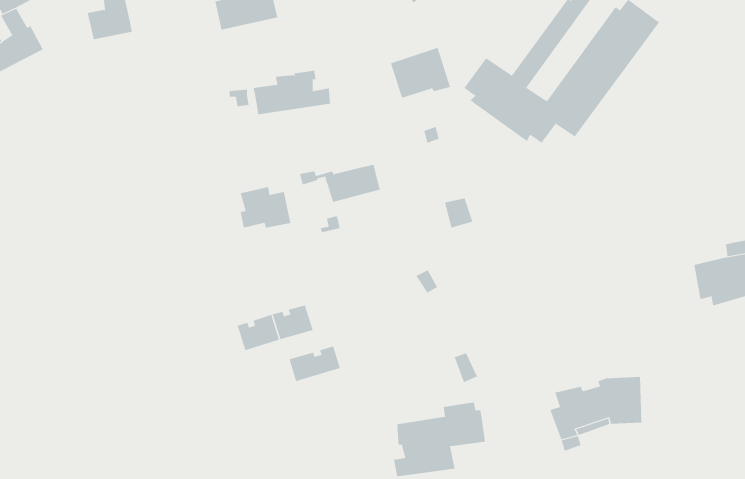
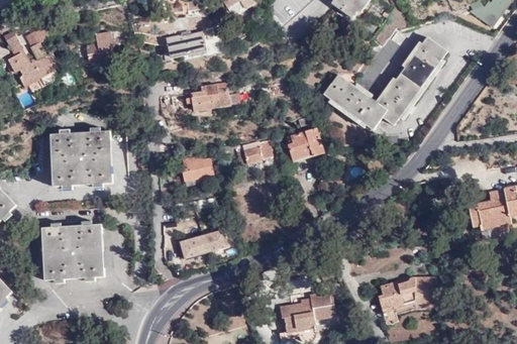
building: [390,47,451,98] -> [286,127,324,159]
building: none -> [51,131,115,190]
building: none -> [41,228,104,285]
building: [289,345,340,382] -> none

